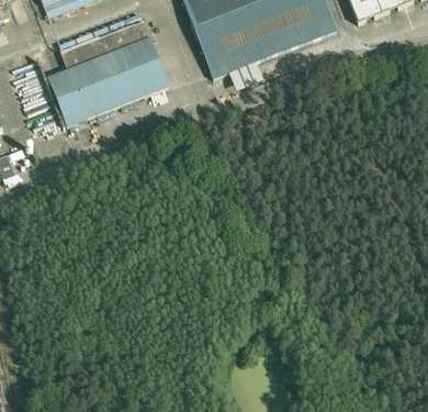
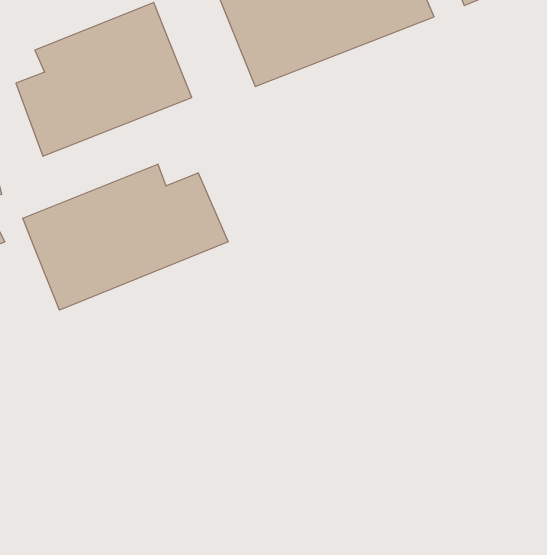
building: none -> [23,164,228,310]

